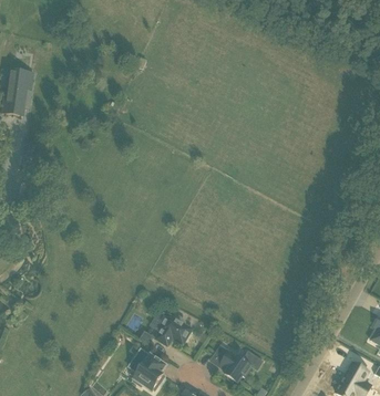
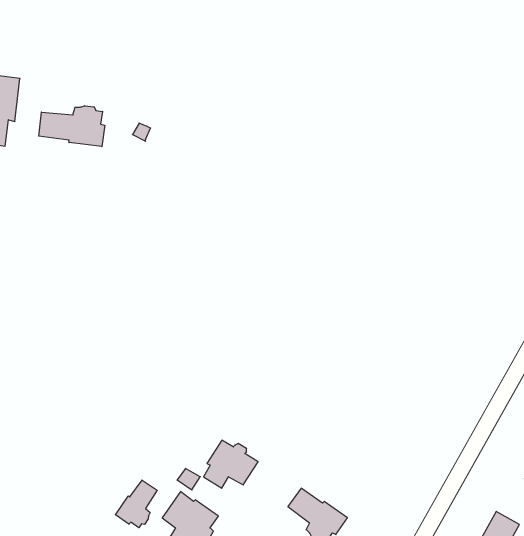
building: none -> [39,106,105,147]
building: none -> [115,480,157,528]

